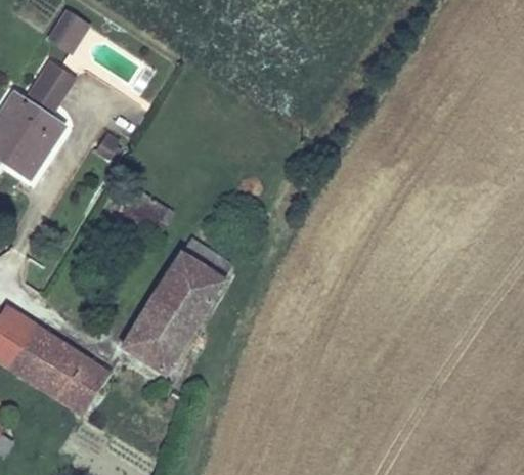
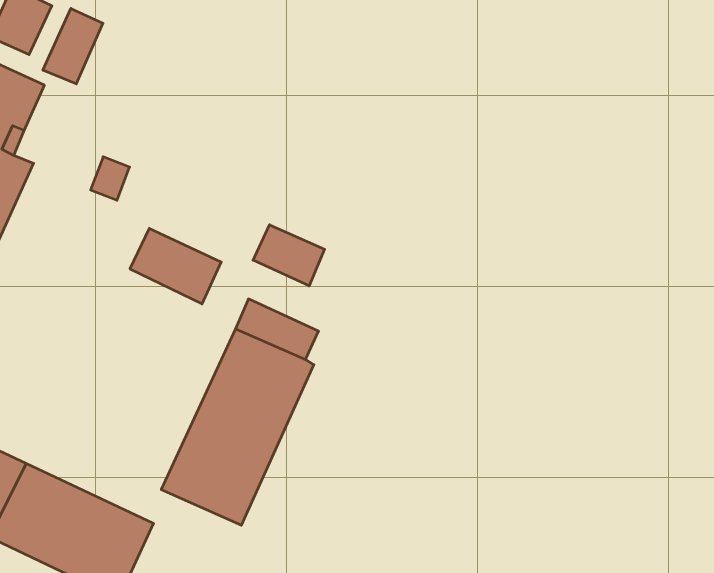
building: none -> [43,8,103,84]
building: none -> [253,225,325,286]

